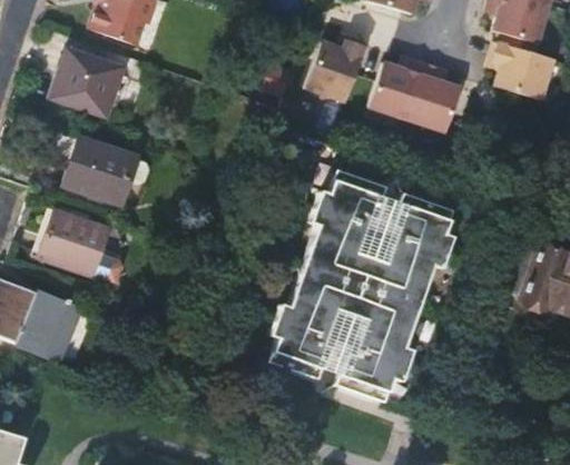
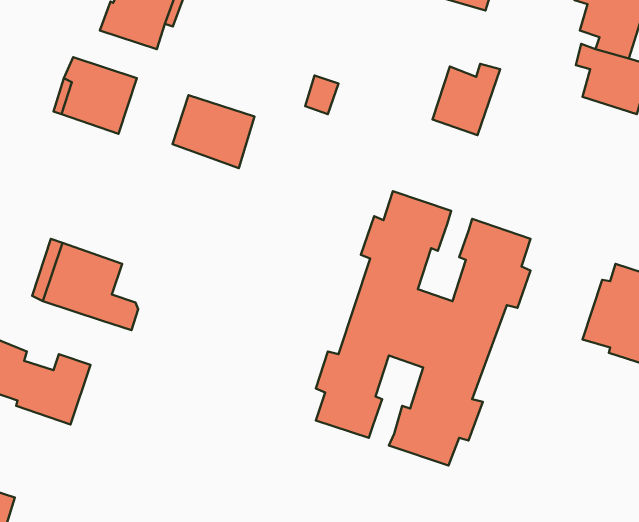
building: [306,38,367,102] -> none
building: [407,65,461,132] -> none
building: [59,141,128,202] -> [172,95,255,168]
building: [357,195,400,259] -> none
building: [320,305,362,370] -> none

